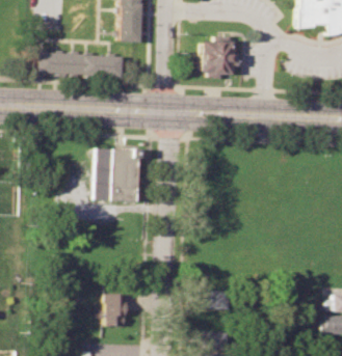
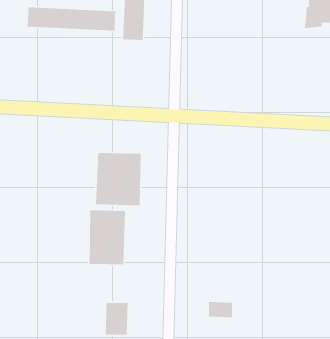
building: [198,42,238,76] -> none
building: [38,51,125,75] -> [27,7,116,31]
building: none -> [89,210,126,265]

